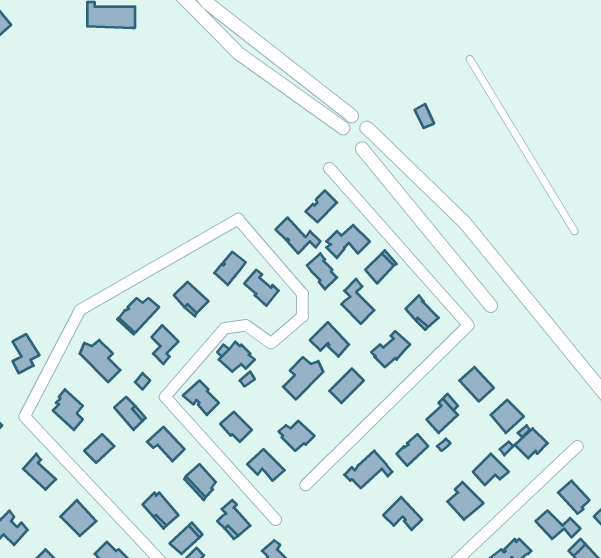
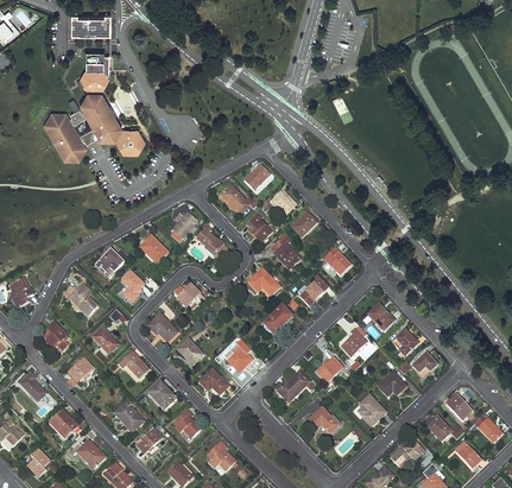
building: none -> [44,50,143,159]
building: [283,357,323,399] -> none

